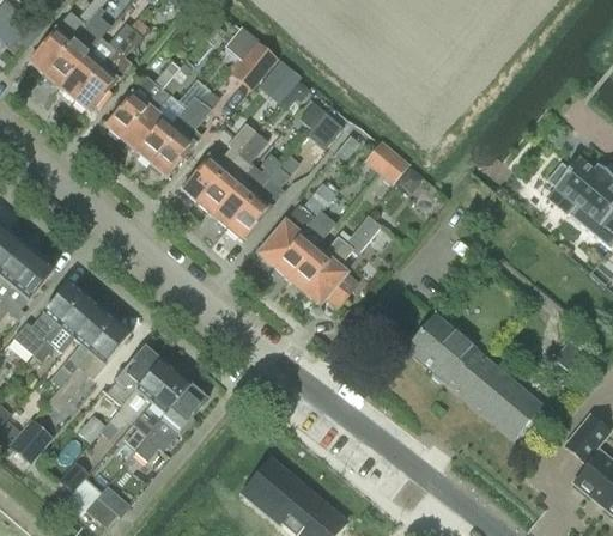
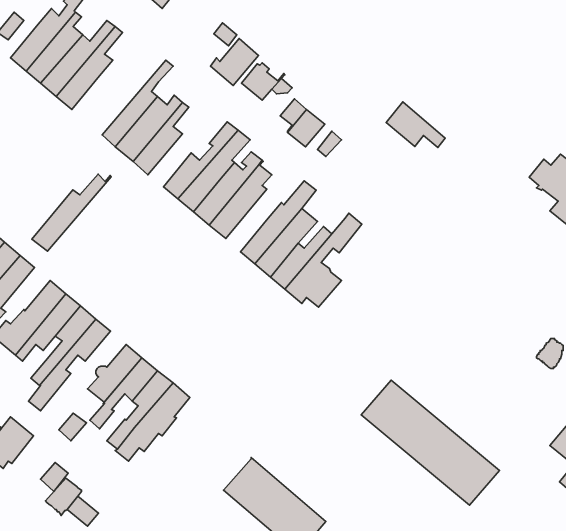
building: [105,61,184,138] -> [32,174,111,251]
building: [366,138,425,183] -> [386,102,445,148]
building: [406,316,544,440] -> [361,380,500,505]

